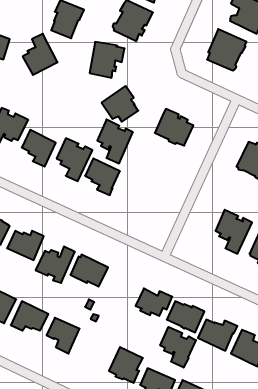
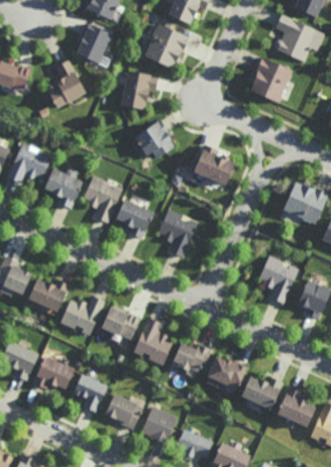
building: [97,119,133,163] -> [158,210,198,258]
building: none -> [132,318,173,366]
building: [160,327,196,368] -> none
building: none -> [105,393,144,431]

